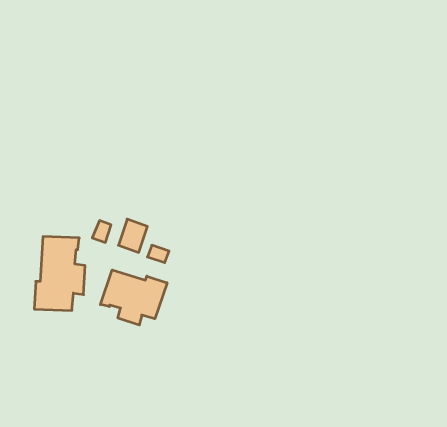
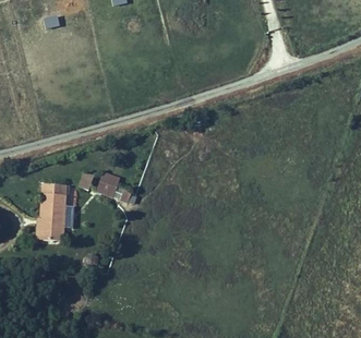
building: [100,270,167,325] -> none

